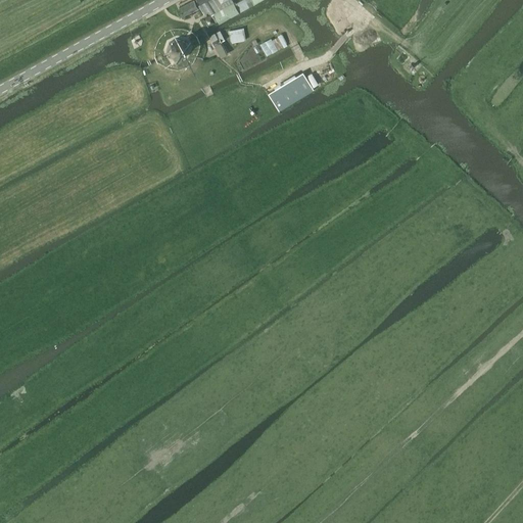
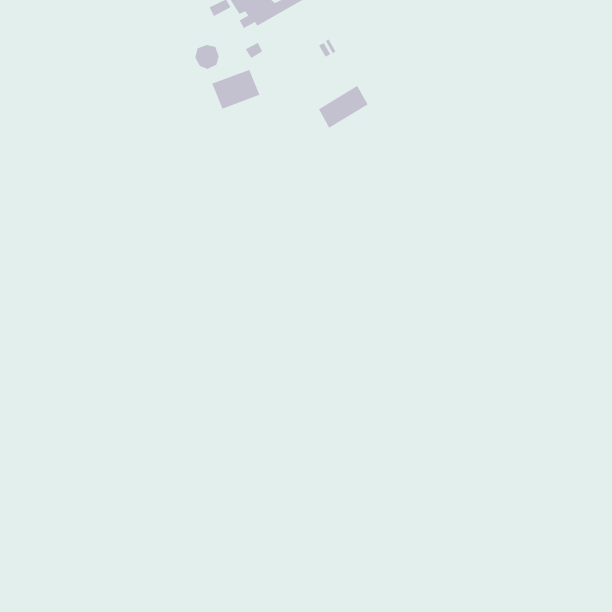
building: none -> [212,69,260,109]

